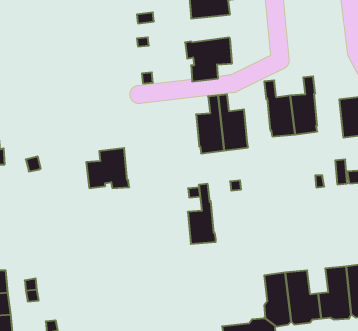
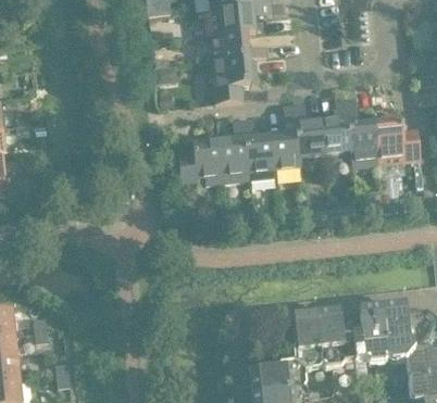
building: none -> [210,32,266,61]
building: none -> [345,97,377,166]
building: [86,148,129,188] -> [176,139,223,182]
building: [188,184,216,244] -> [270,103,300,168]

